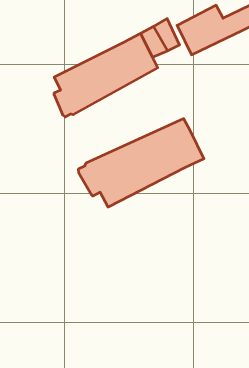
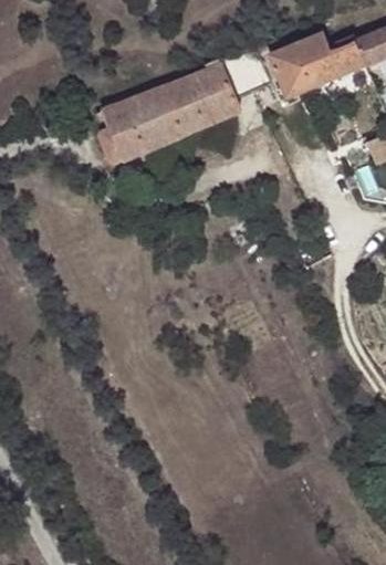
building: [79,119,204,207] -> none

